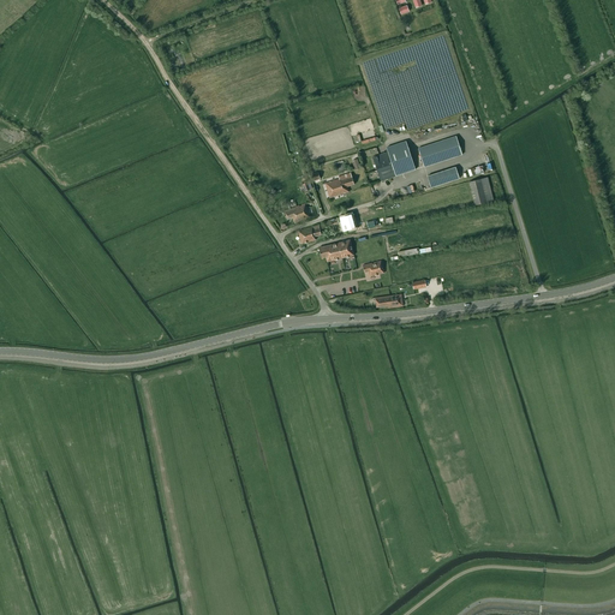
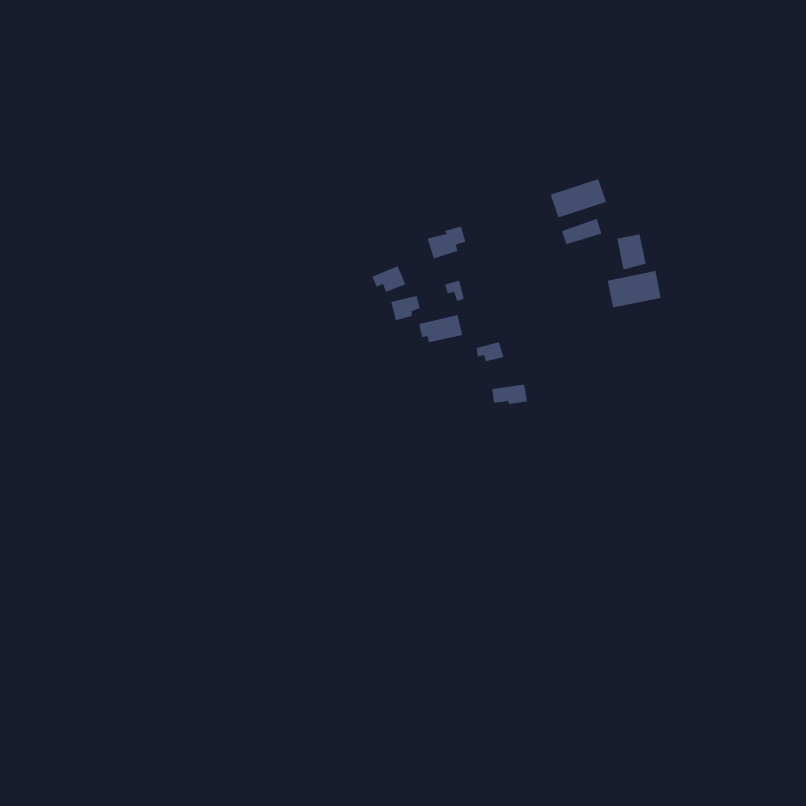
building: [372,141,414,180] -> none
building: none -> [607,270,661,308]

